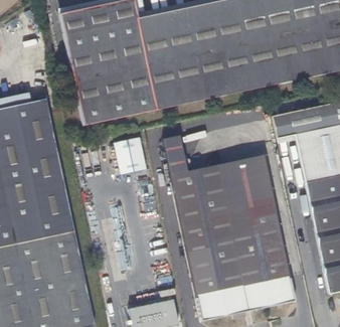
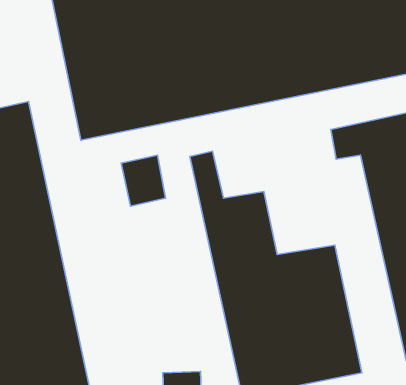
building: [220,155,274,210] -> none

